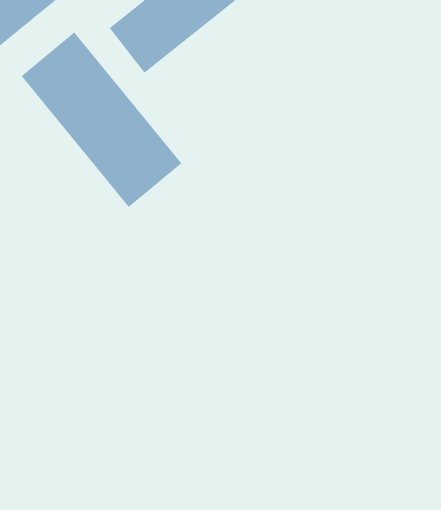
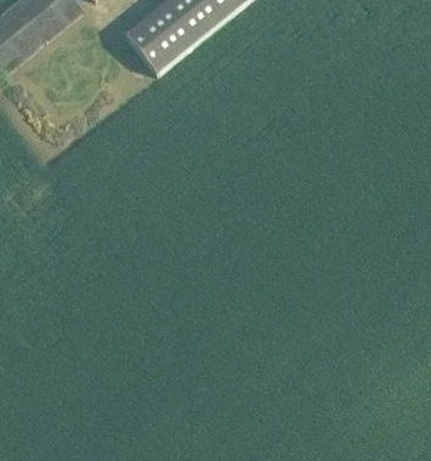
building: [21,31,182,208] -> none

